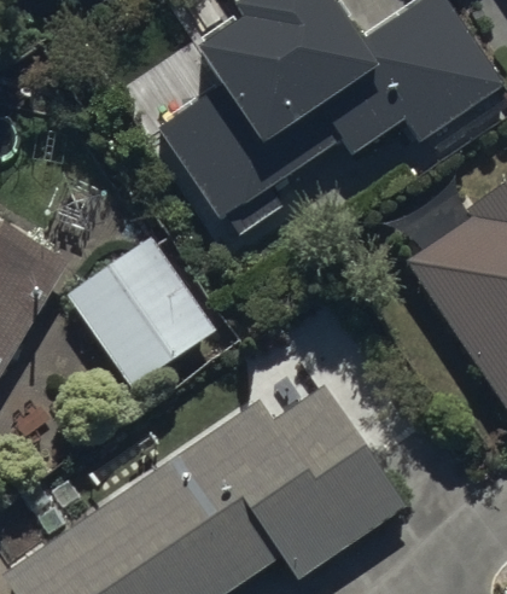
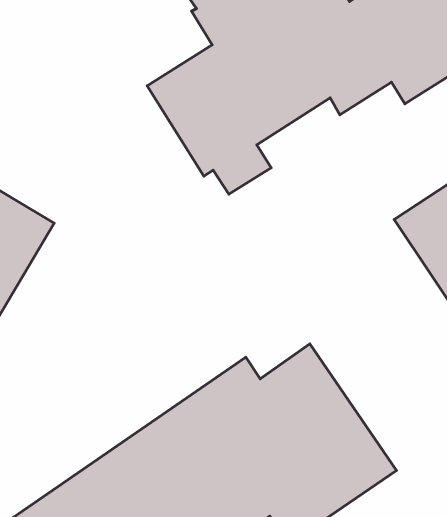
building: [65,233,218,389] -> none

